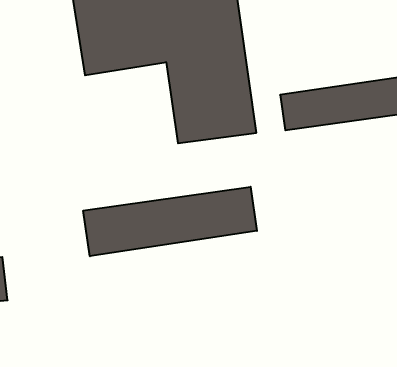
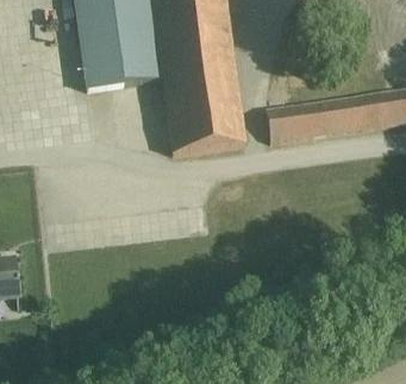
building: [83,187,257,256] -> none

